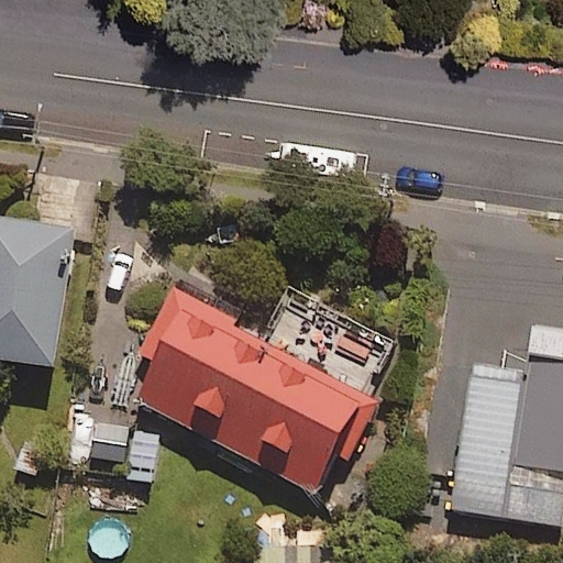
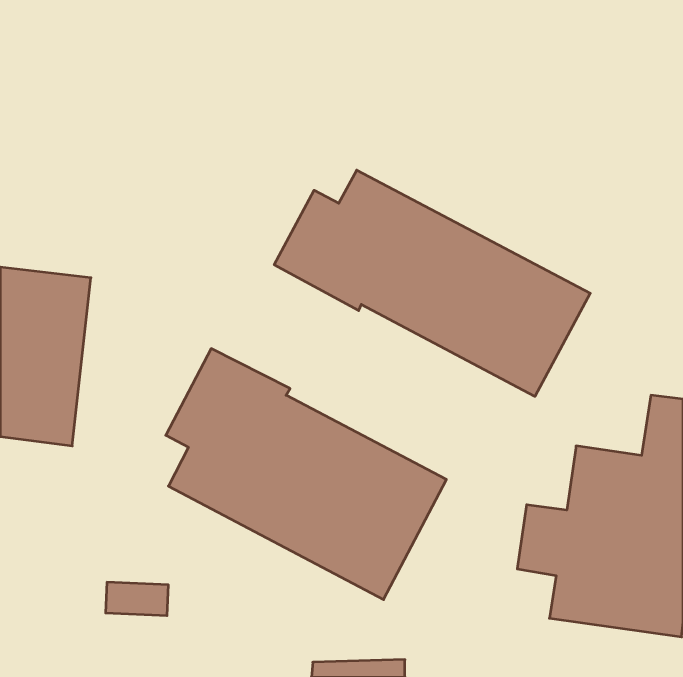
building: none -> [274,170,590,396]

